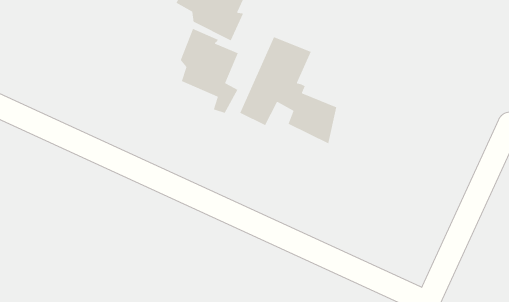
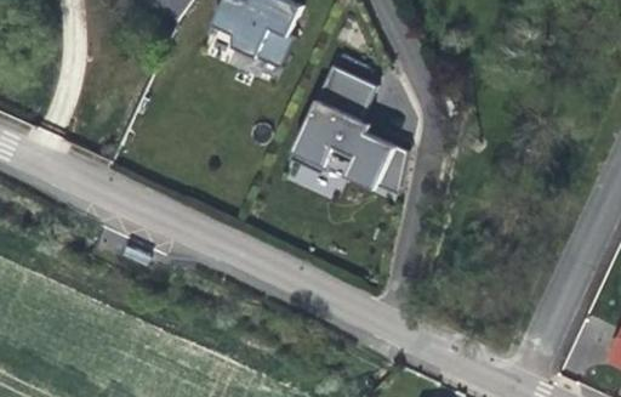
building: [180,28,239,114] -> none

